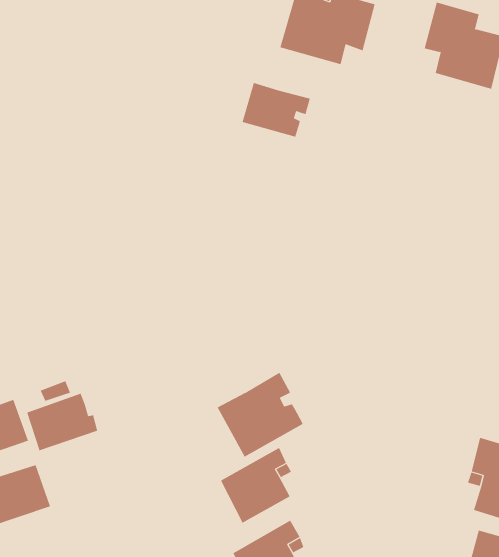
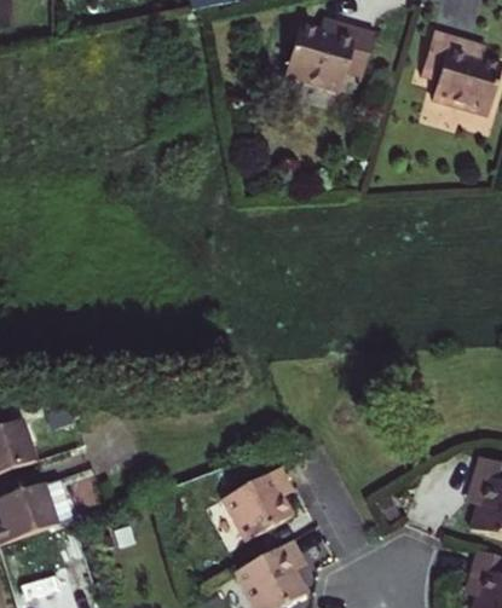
building: [242,82,311,138] -> none
building: [217,372,304,457] -> none
building: [27,393,98,451] -> none

